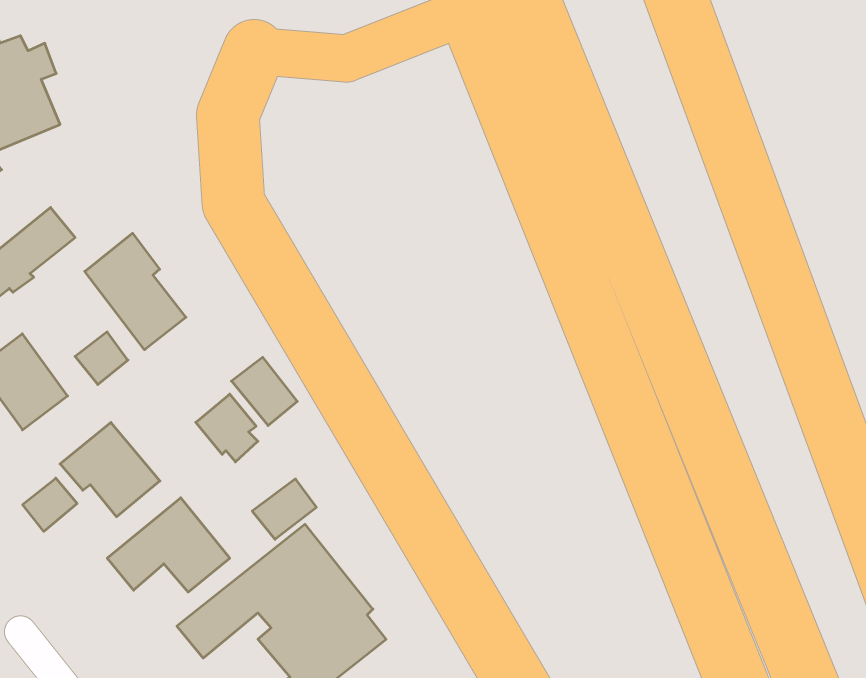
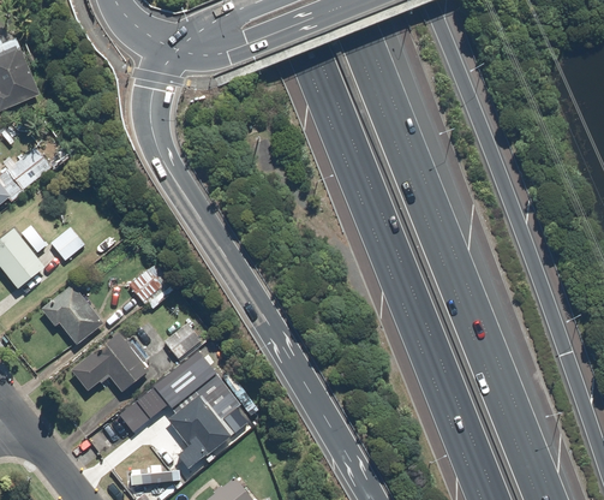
building: [85,233,186,350] -> none
building: [231,357,297,426] -> none
building: [23,478,77,531] -> none

